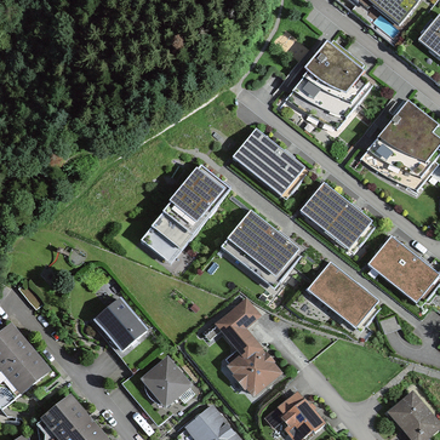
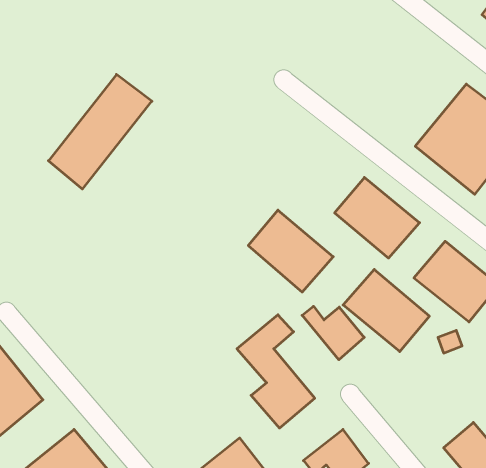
building: [281,38,371,137] -> none
building: [229,127,302,196] -> none
building: [138,165,227,263] -> [48,74,152,189]
building: none -> [302,306,364,360]
building: [97,296,153,353] -> none
building: [138,356,193,410] -> none

